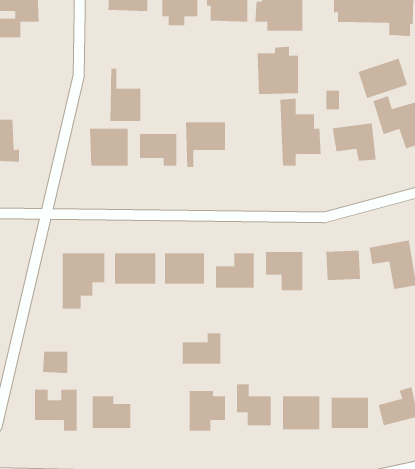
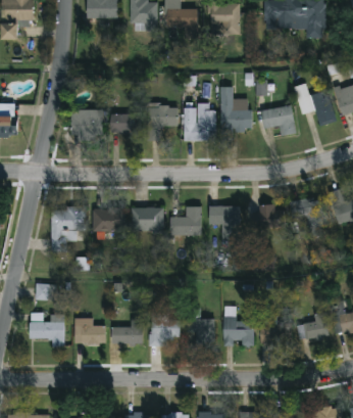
building: [257,46,299,95] -> [184,102,216,140]
building: [358,58,408,99] -> none
building: [110,68,141,122] -> none
building: [182,333,221,364] -> [111,319,142,343]

